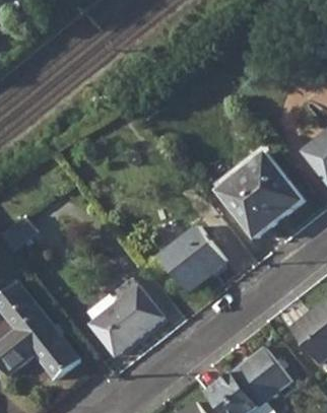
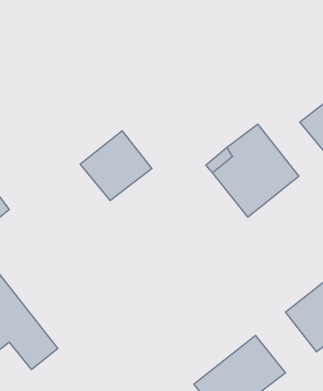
building: [159,225,225,289] -> [80,131,152,201]
building: [89,278,162,353] -> none

